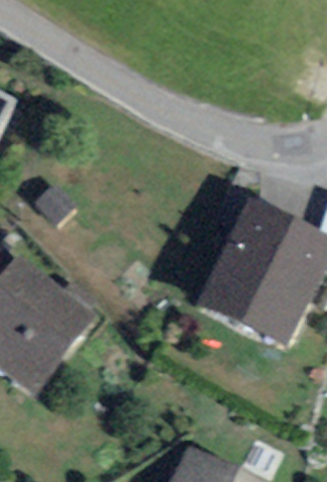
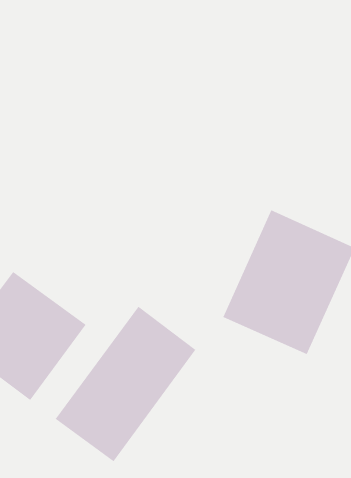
building: none -> [55,306,196,462]

